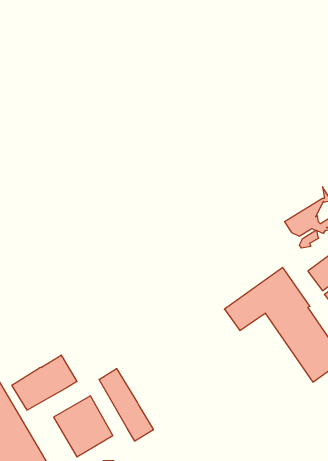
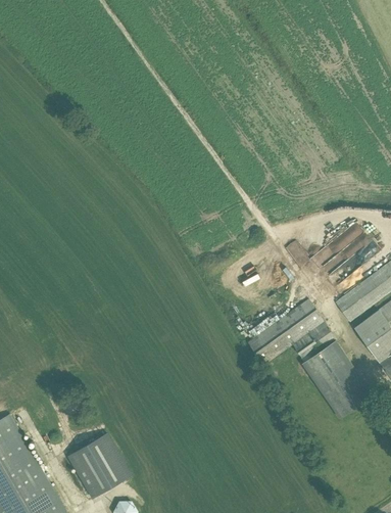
building: [12,355,77,410] -> none
building: [99,369,153,441] -> none

